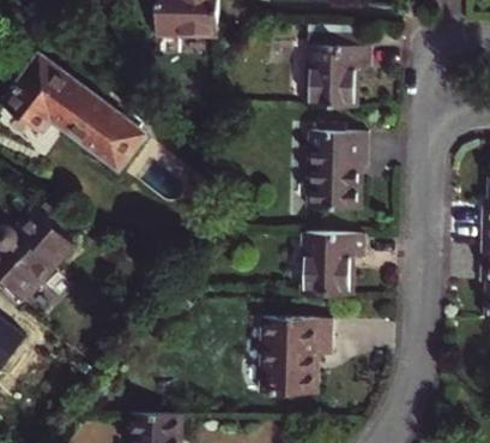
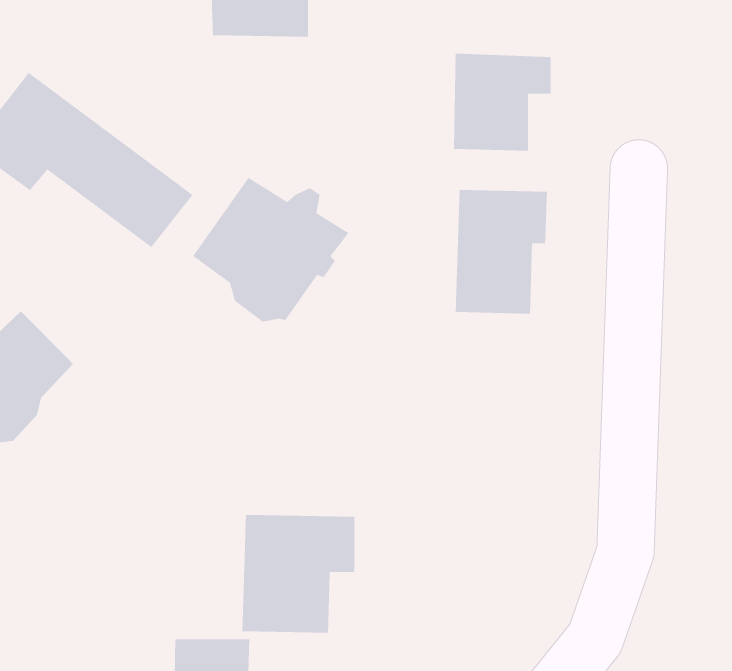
building: none -> [192,177,350,322]
building: [302,232,365,295] -> none
building: [260,318,332,394] -> [242,514,355,634]

